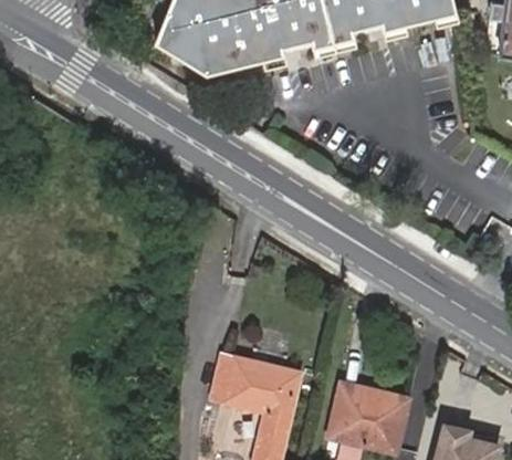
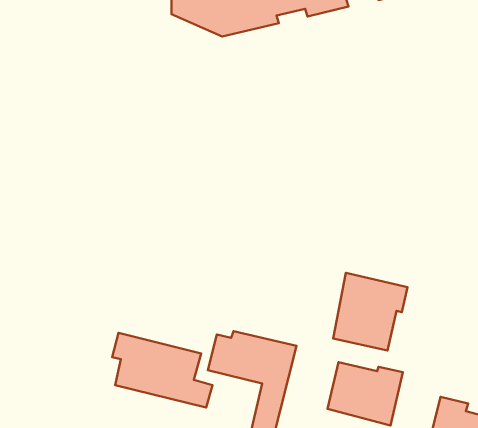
building: none -> [333,273,408,351]
building: none -> [112,333,212,408]

